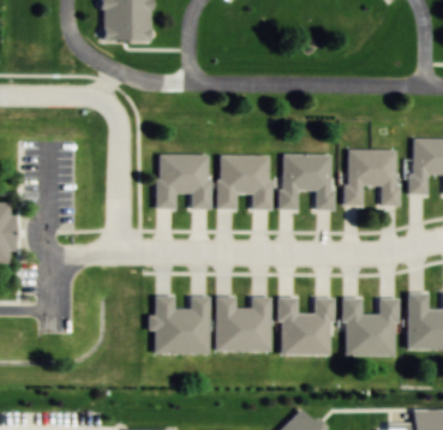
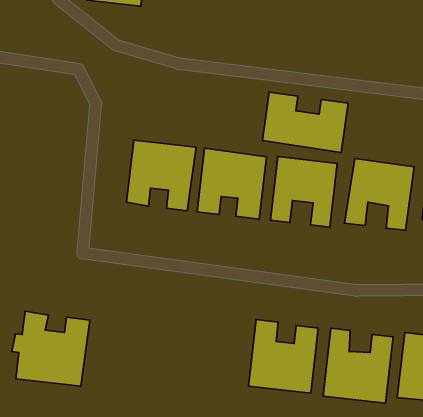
building: none -> [263,92,348,152]
building: [148,295,211,354] -> [12,311,90,386]
building: [216,297,271,352] -> none

